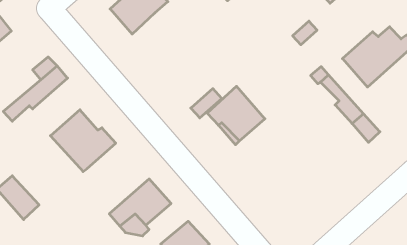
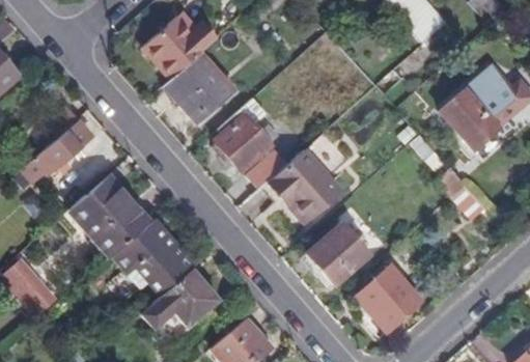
building: none -> [166,53,235,123]
building: none -> [217,96,272,167]
building: none -> [116,219,196,291]
building: none -> [305,223,368,285]
building: none -> [357,267,421,331]

